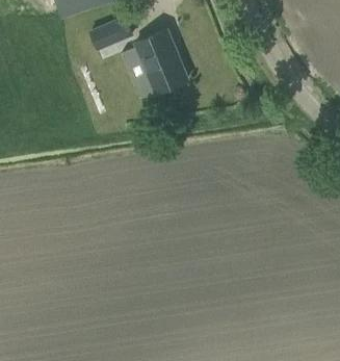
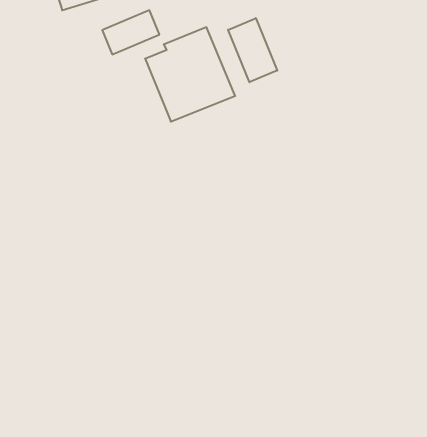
building: none -> [228,18,277,82]

